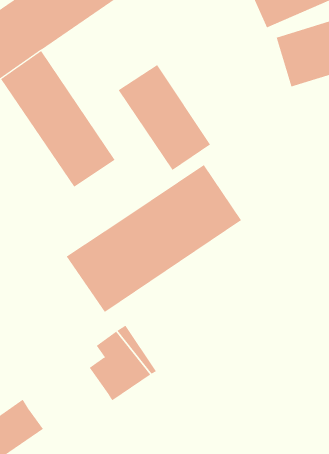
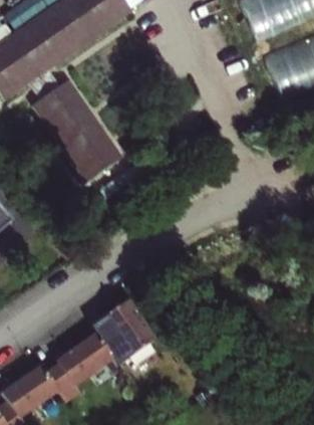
building: [118,64,211,171] -> none
building: [66,164,242,313] -> none
building: none -> [47,335,115,401]

